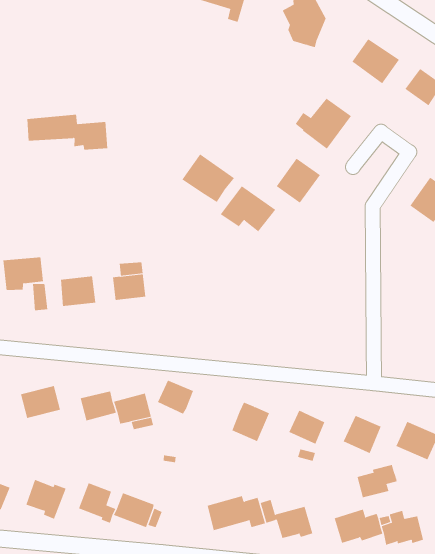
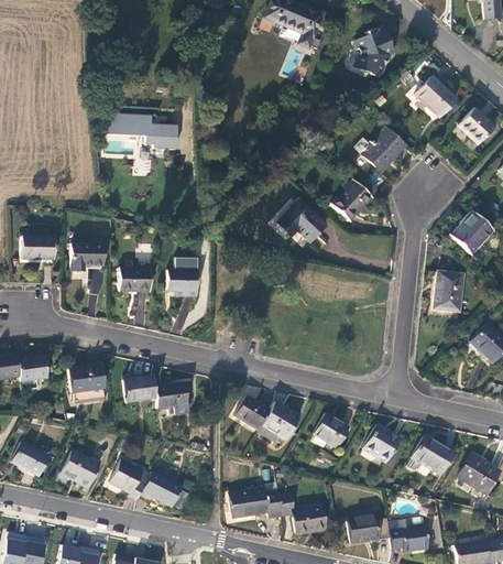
building: [182,153,235,203] -> none
building: none -> [436,271,464,311]
building: [157,380,194,415] -> [236,395,271,430]
building: [357,464,397,498] -> none

